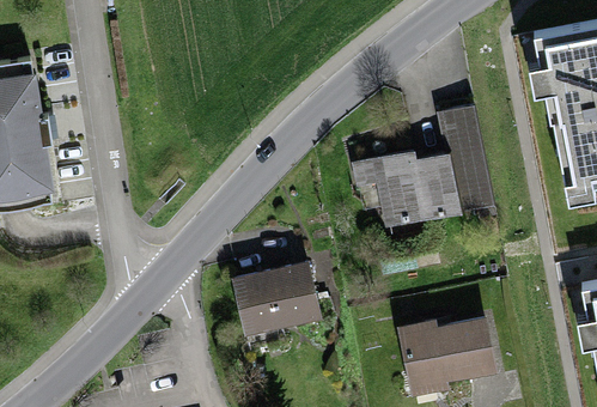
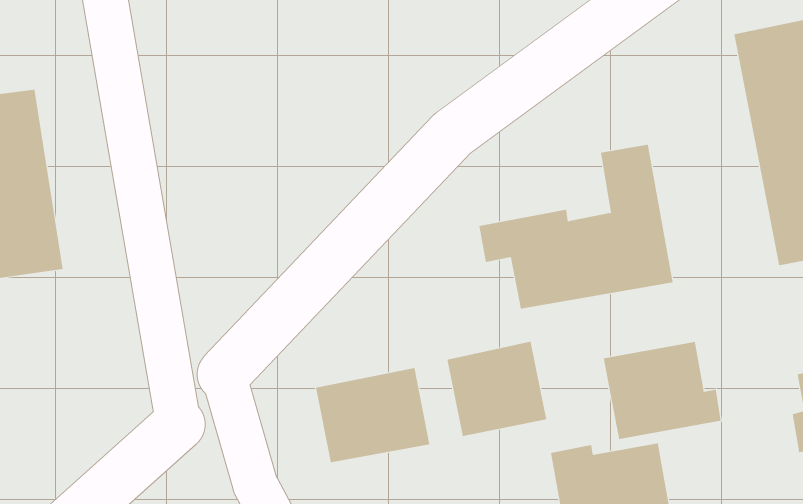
building: none -> [447,341,547,437]
building: none -> [603,341,721,440]

